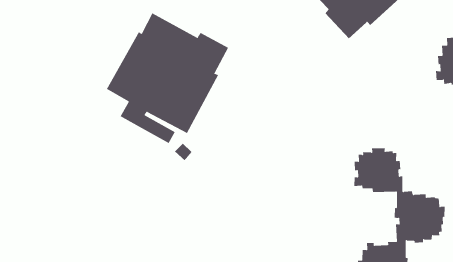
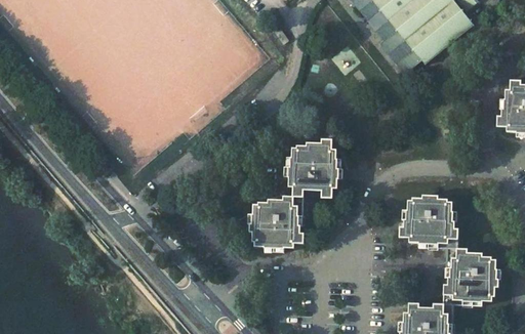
building: [106,13,229,144] -> none
building: none -> [246,139,339,253]

